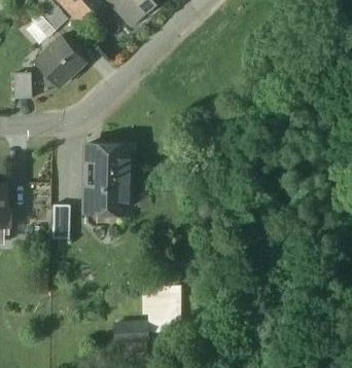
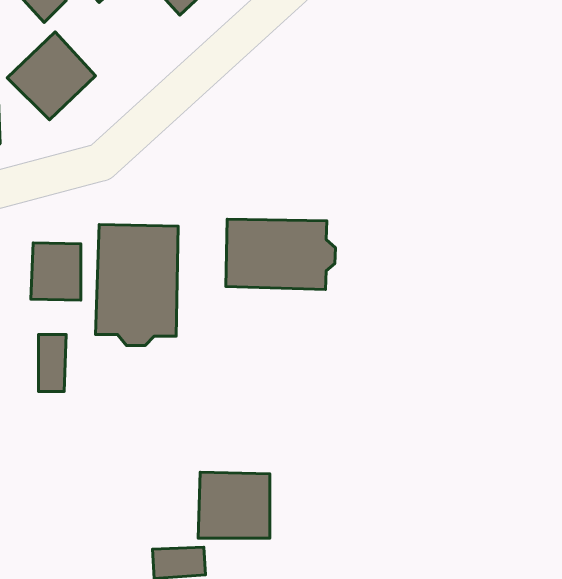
building: none -> [226,219,336,290]
building: none -> [31,243,81,300]

